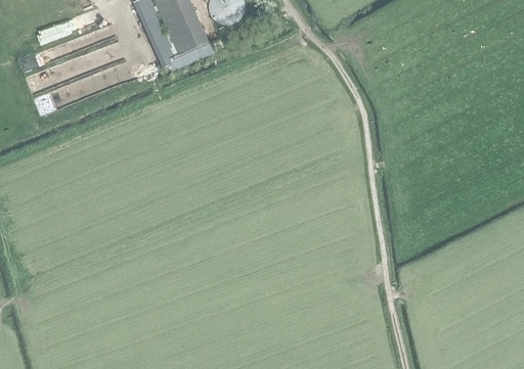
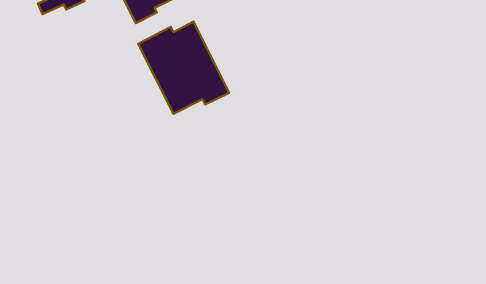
building: none -> [138,21,229,114]

